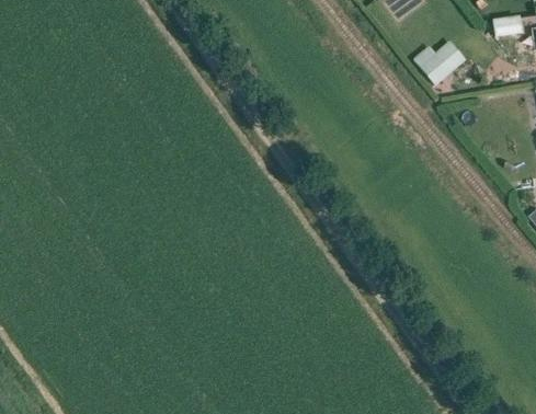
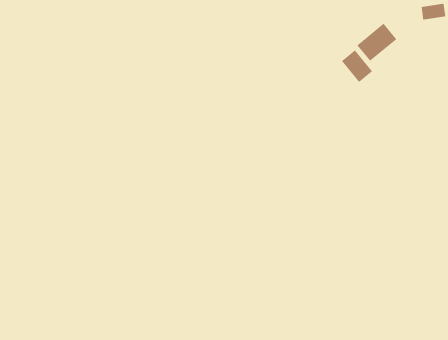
building: none -> [341,49,373,83]

